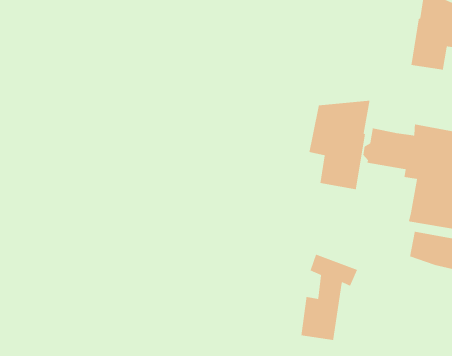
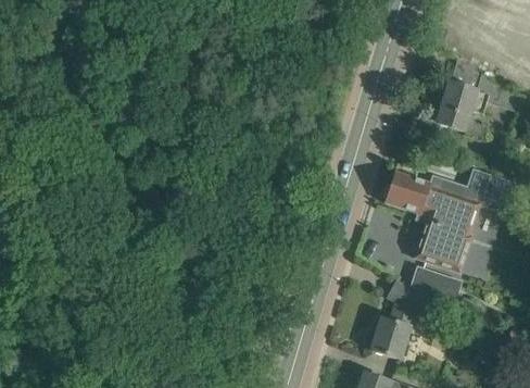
building: [308,100,370,190] -> none
building: [301,254,358,341] -> [373,280,431,359]

